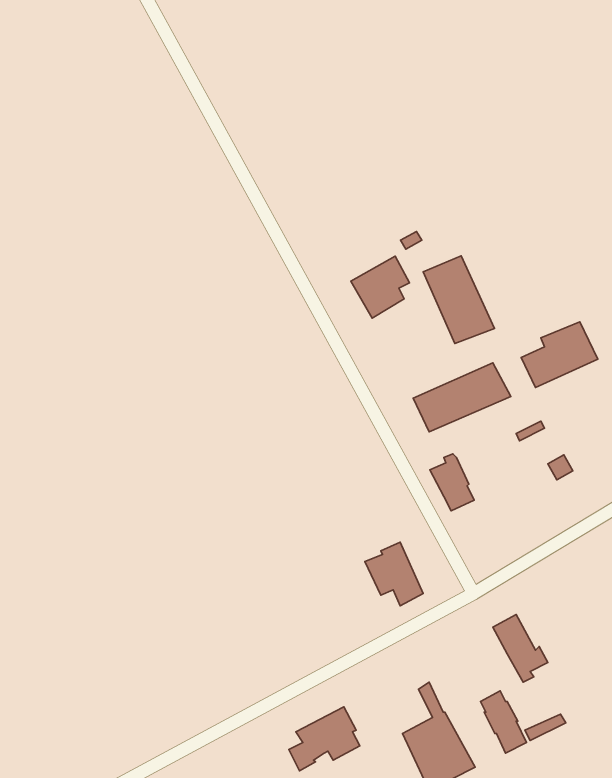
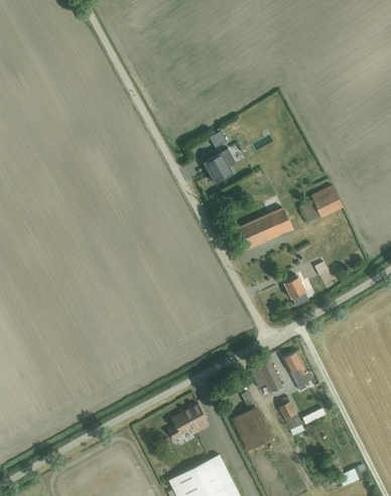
building: [423,256,494,344] -> none
building: [430,454,474,511] -> [283,274,308,306]
building: [365,542,423,606] -> [249,358,282,394]

